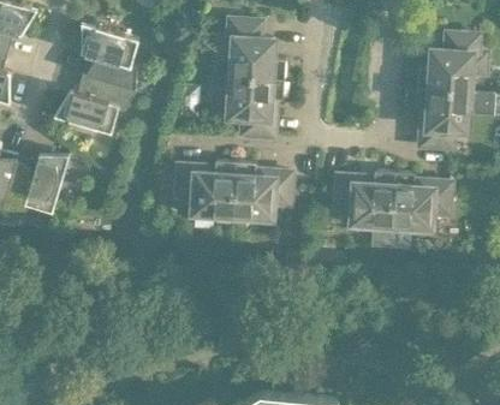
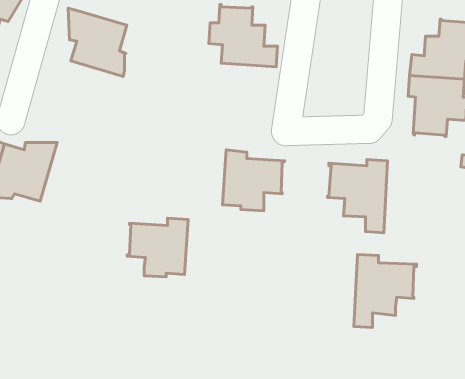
building: [54,77,135,136] -> none
building: [225,79,285,141] -> none
building: [175,163,236,221] -> [127,218,188,277]
building: [391,175,452,248] -> [354,254,416,328]

